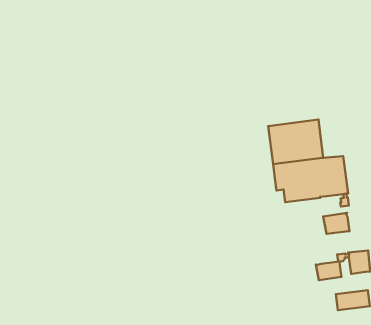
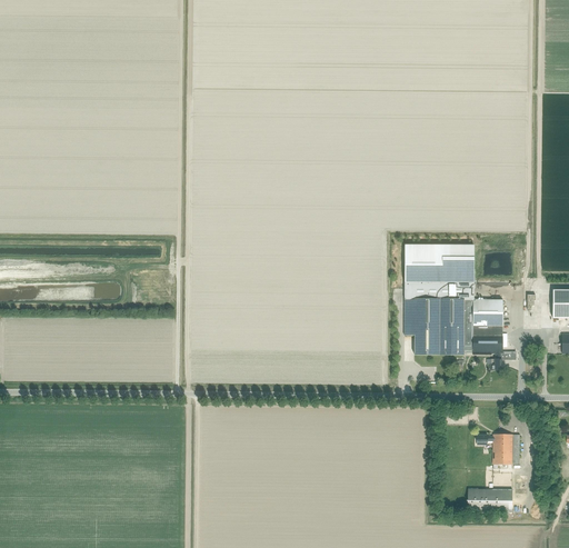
building: [323,213,349,234] -> none
building: [316,262,341,280] -> none

